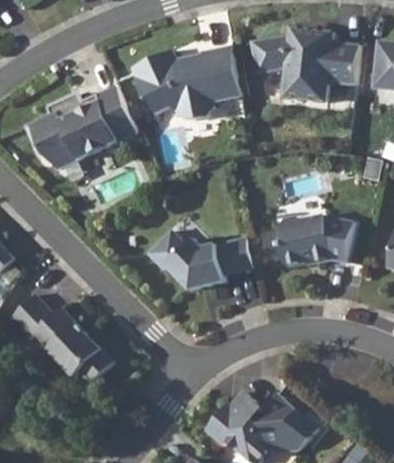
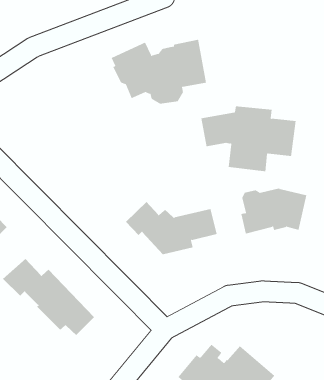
building: [251,28,360,103] -> [200,106,296,172]
building: [23,83,135,164] -> none

